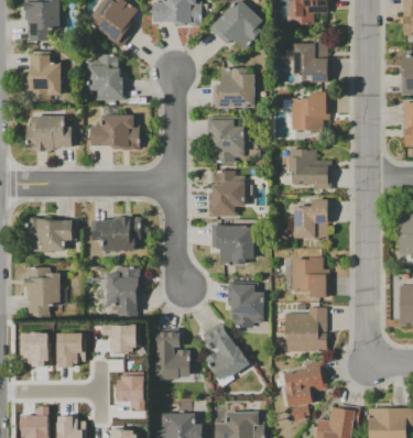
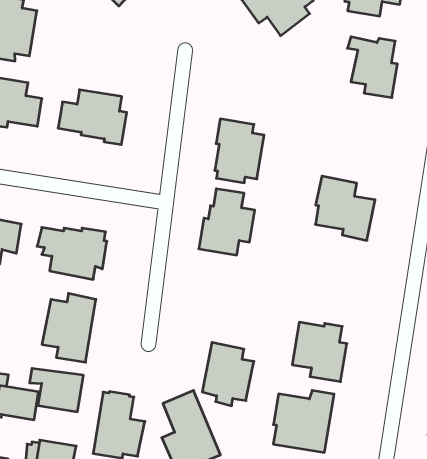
building: [88,54,126,100] -> none
building: [213,67,254,107] -> none
building: [293,92,330,135] -> none
building: [295,199,332,239] -> none
building: [211,226,253,265] -> none

